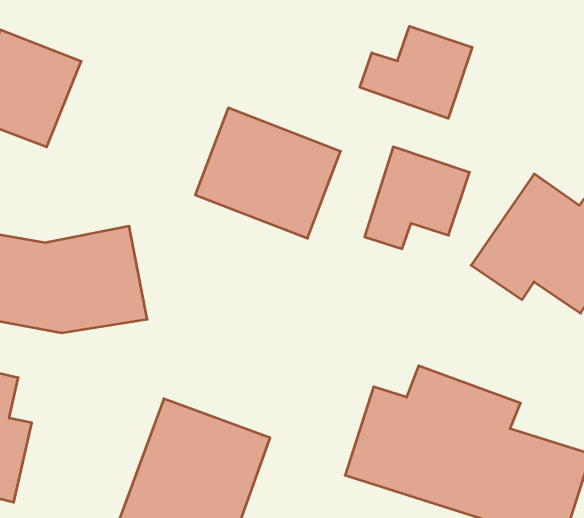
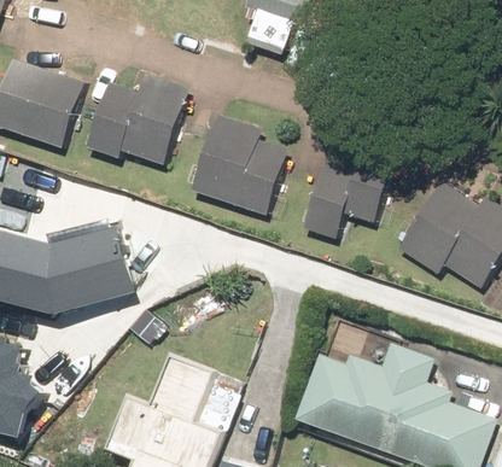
building: [360,26,472,118] -> none
building: none -> [81,75,181,187]

